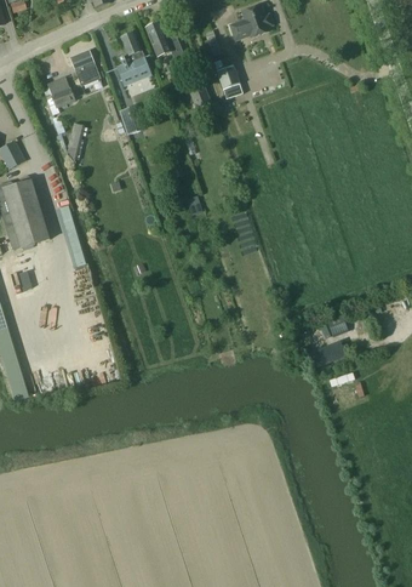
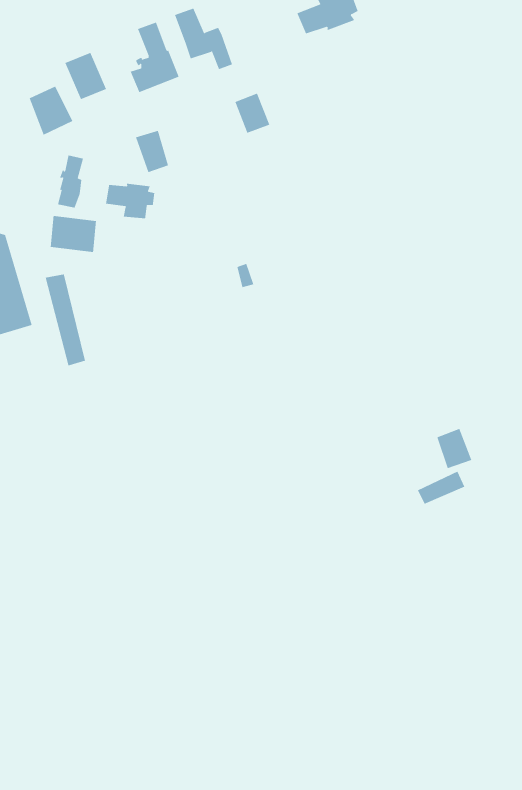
building: [216,64,244,98] -> none
building: none -> [106,183,155,219]
building: none -> [50,215,97,253]

